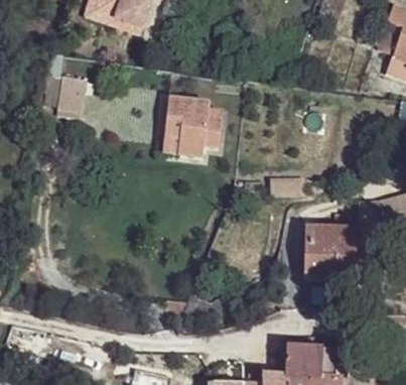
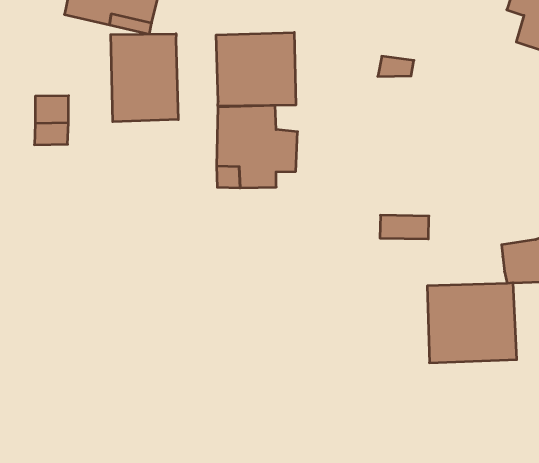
building: none -> [111,34,178,122]
building: none -> [216,32,296,106]

